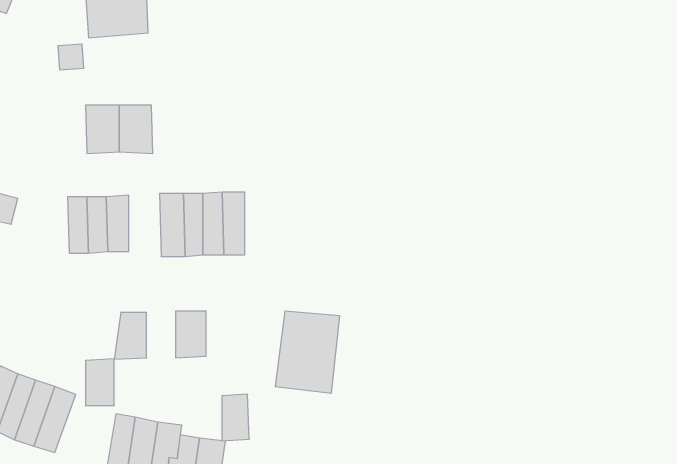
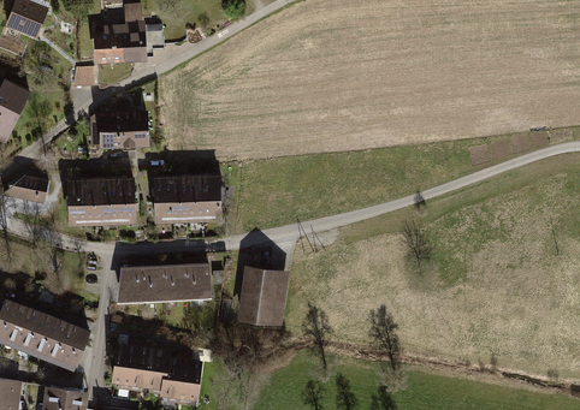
building: none -> [66,179,85,222]
building: [85,359,114,406] -> [143,265,165,299]
building: [222,394,249,441] -> [188,263,208,298]

